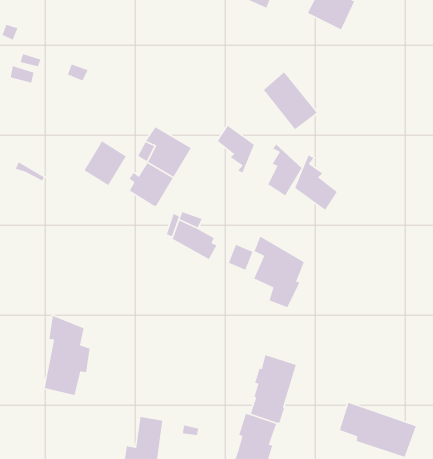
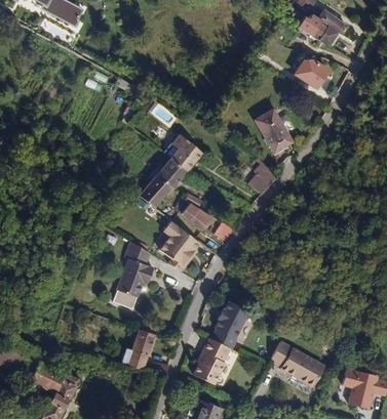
building: [217,125,255,174] -> none
building: [83,140,127,186] -> [139,175,169,207]
building: [294,154,338,211] -> none
building: [253,235,305,308] -> [161,220,198,273]
building: [44,315,91,396] -> [116,241,152,298]

